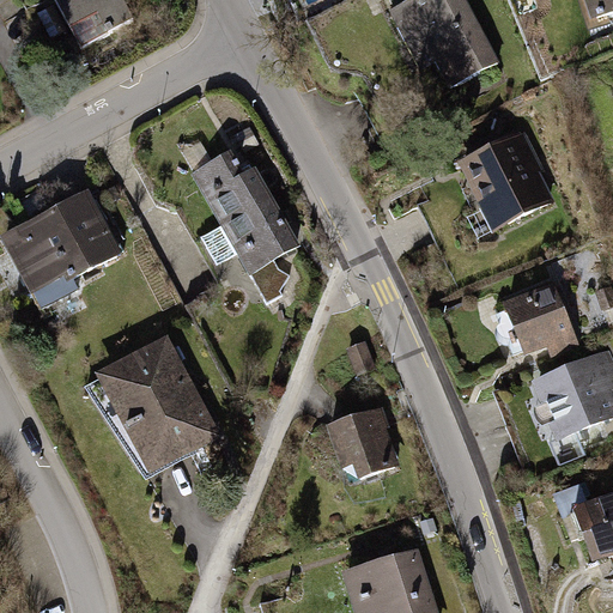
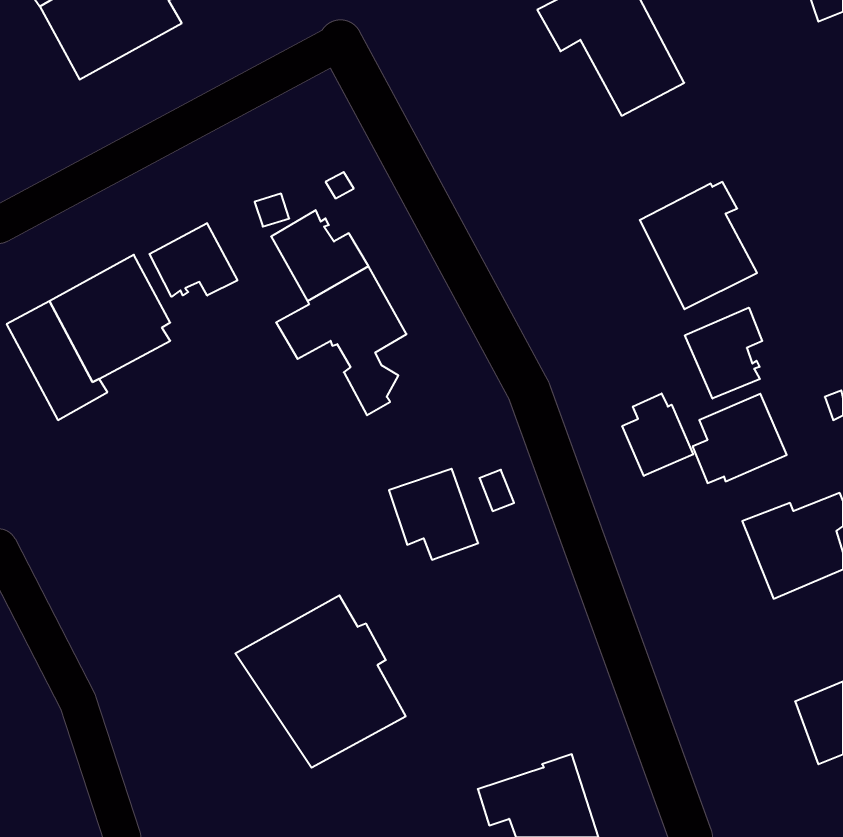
building: none -> [149,223,237,297]
building: none -> [685,308,762,399]
building: none -> [622,393,693,476]
building: [86,342,210,467] -> [235,595,406,768]
building: [329,408,394,474] -> [389,469,478,560]

